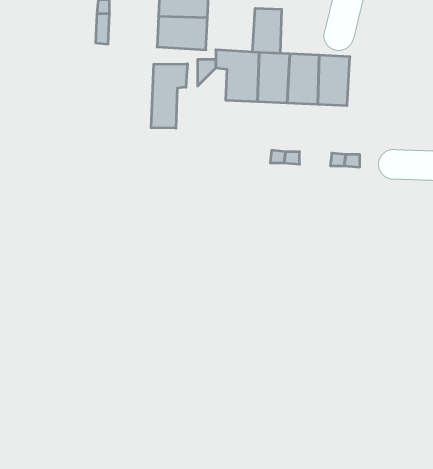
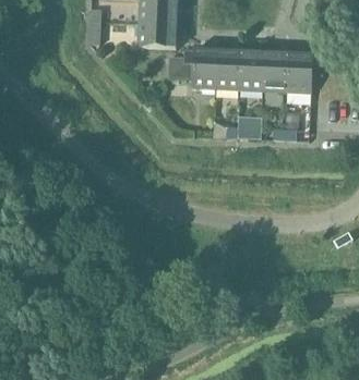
building: [252,8,282,53] -> none
building: none -> [285,52,311,91]
building: [151,64,187,128] -> none

